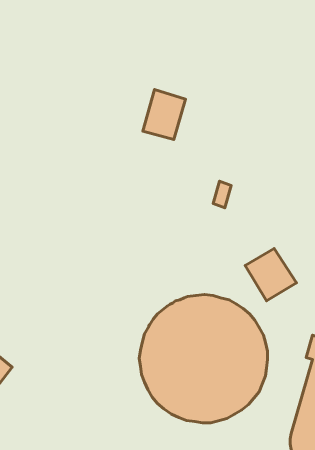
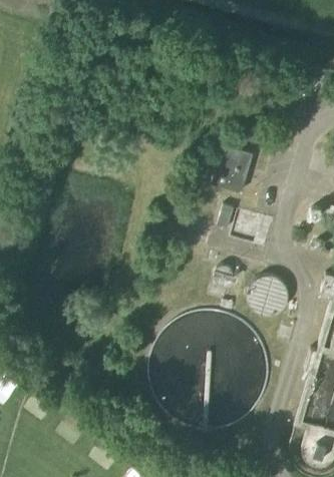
building: [143,89,185,140] -> [211,144,251,191]

